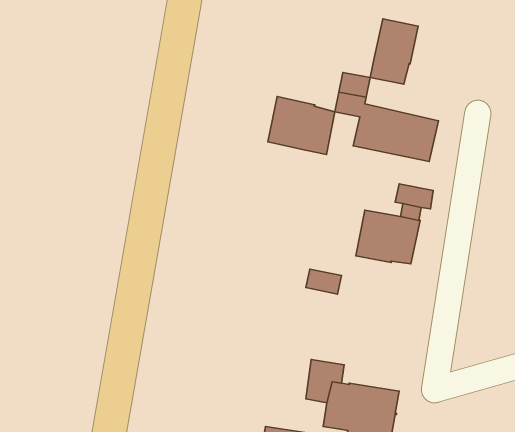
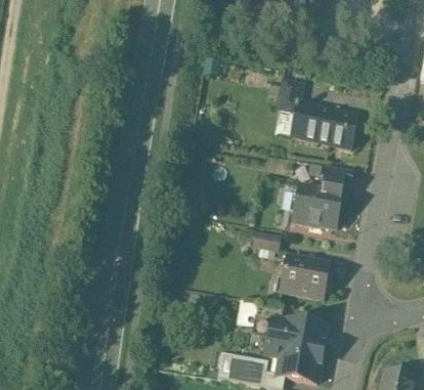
building: [370,19,418,84] -> none
building: [268,97,335,155] -> none
building: none -> [281,255,330,296]

